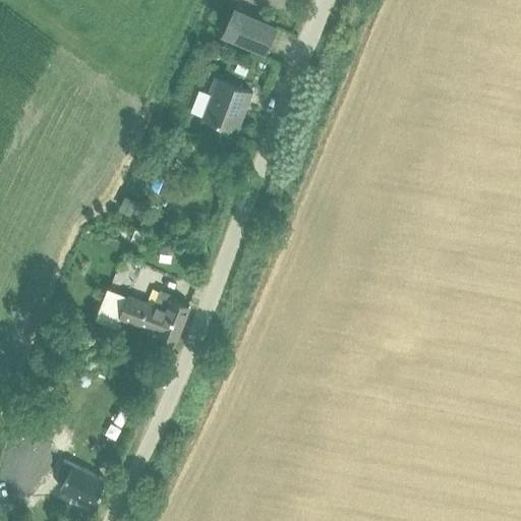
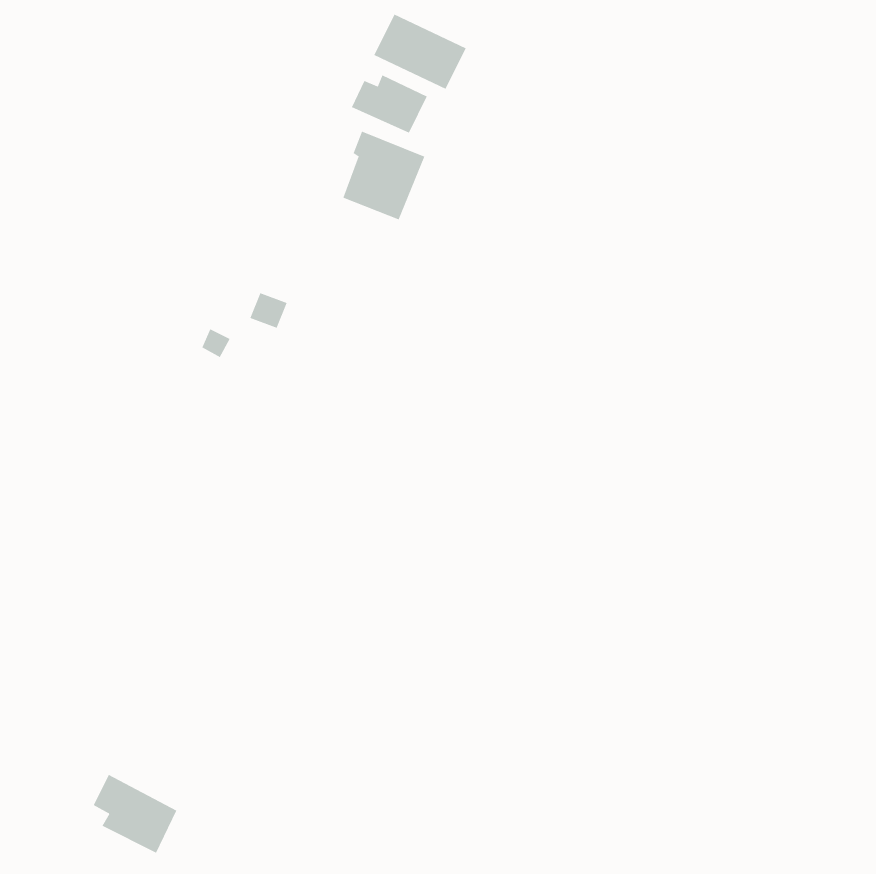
building: none -> [351,74,428,134]
building: [95,290,187,341] -> none

